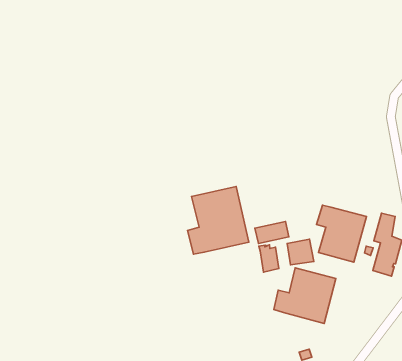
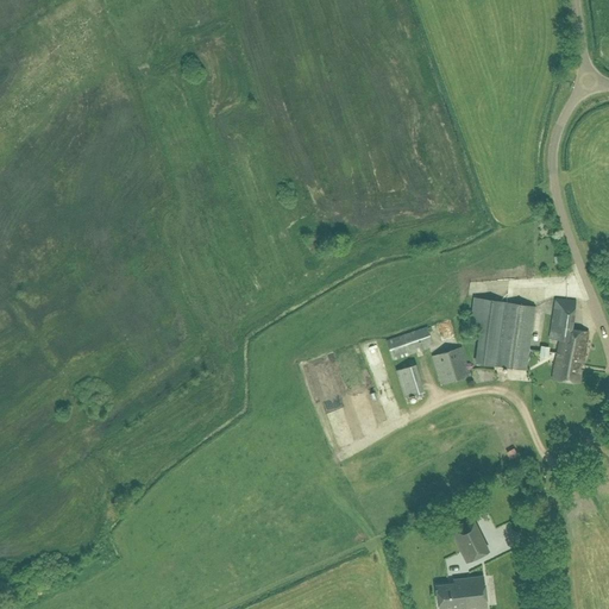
building: [188,187,249,254] -> none
building: [274,268,336,323] -> none

